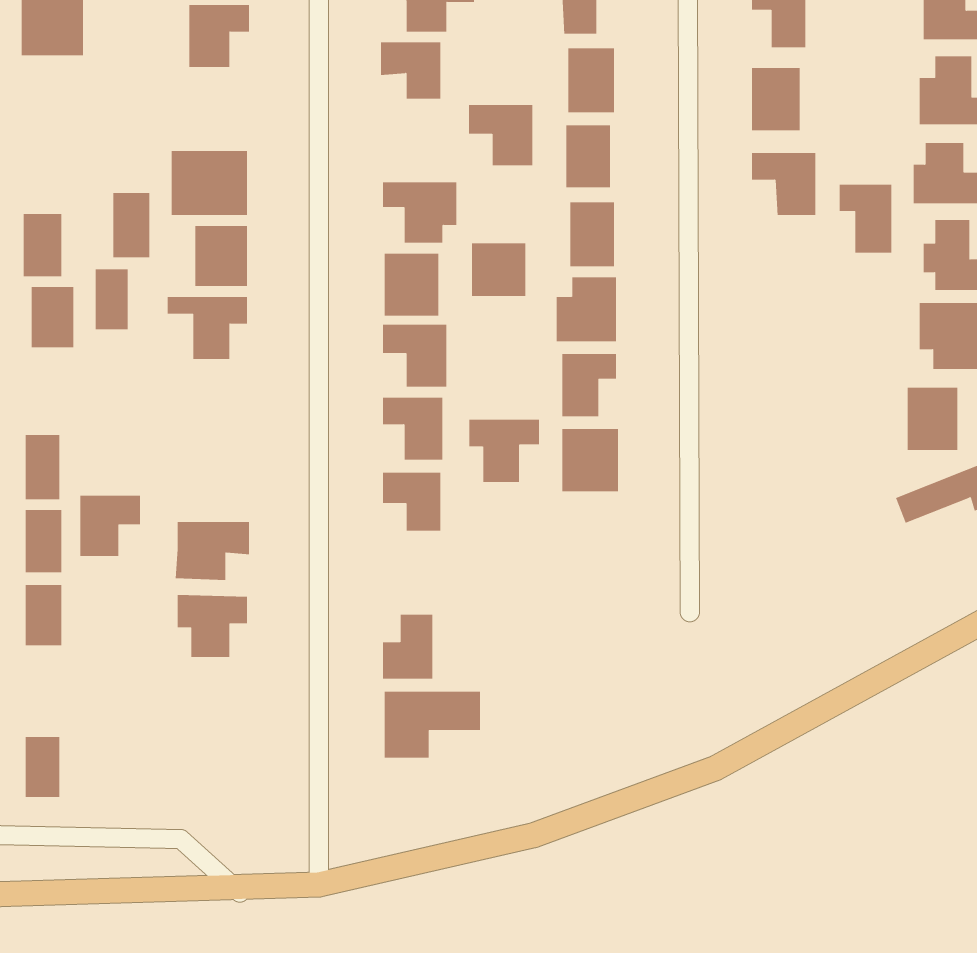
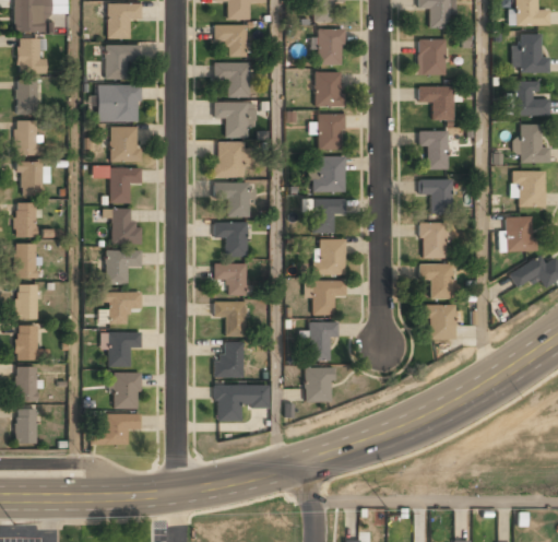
building: none -> [17,38,47,72]
building: none -> [107,45,142,80]
building: [468,105,533,166] -> [215,63,251,97]
building: [839,184,892,253] -> [419,131,449,169]
building: [113,193,150,258] -> [17,79,38,115]
building: [472,242,526,297] -> none
building: [95,269,128,330] -> [17,203,36,237]
building: none -> [420,179,453,214]
building: none -> [105,207,141,243]
building: none -> [422,223,447,258]
building: [469,419,540,482] -> [307,281,346,316]
building: none -> [420,264,453,297]
building: [80,495,141,556] -> [107,249,141,283]
building: none -> [215,302,247,337]
building: none -> [428,305,455,339]
building: none -> [309,322,339,360]
building: none -> [17,367,38,401]
building: none -> [306,367,333,401]
building: none -> [112,373,141,408]
building: none -> [92,413,141,444]

